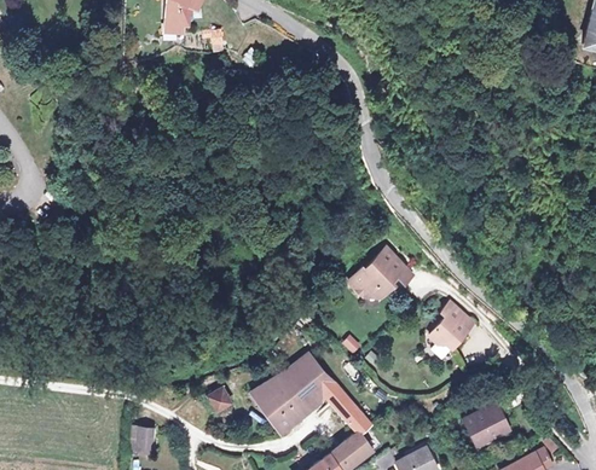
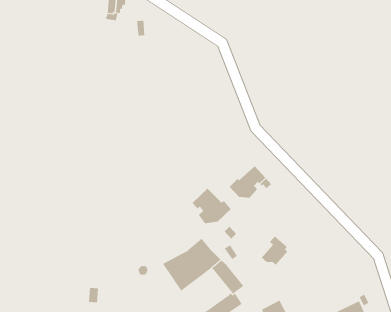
building: none -> [192,188,232,224]
building: [429,302,470,347] -> [261,236,288,266]
building: [462,401,511,441] -> none

